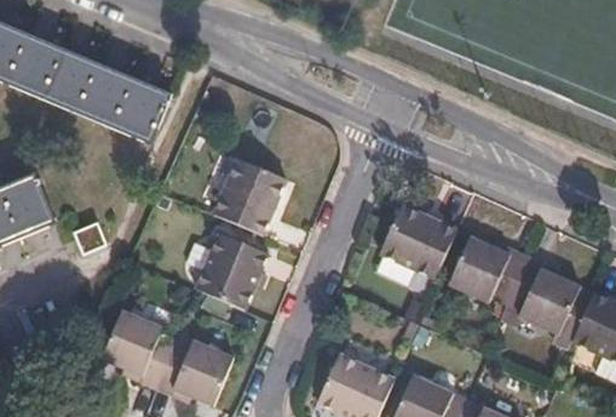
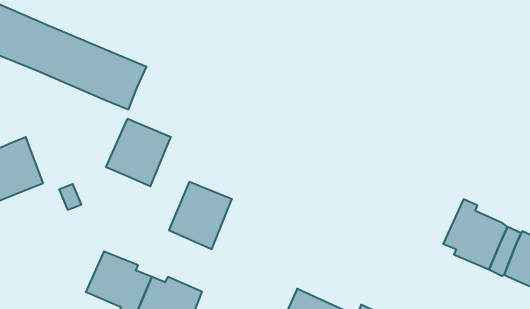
building: [213,158,287,234] -> [106,119,171,186]
building: [380,200,459,275] -> none
building: [449,233,529,302] -> none

